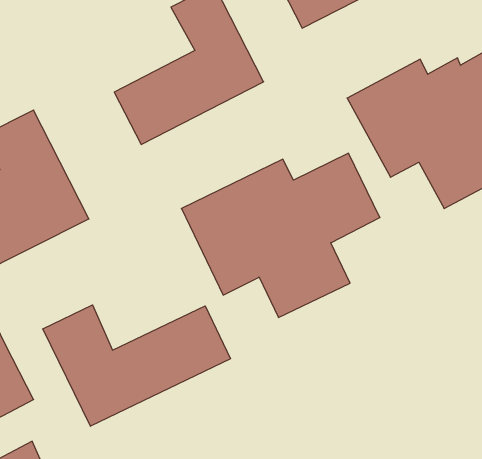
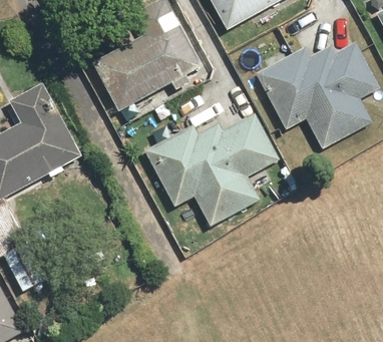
building: [43,305,231,426] -> none

